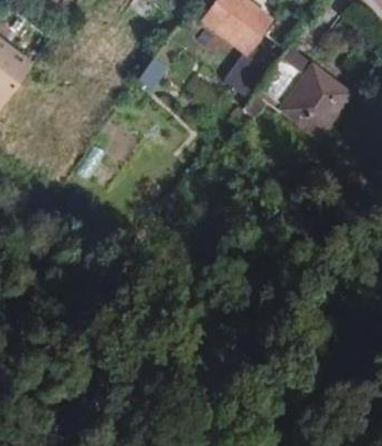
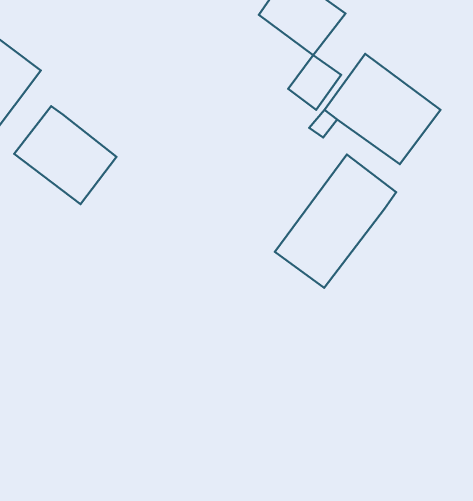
building: none -> [14,106,116,204]
building: none -> [275,155,396,288]

